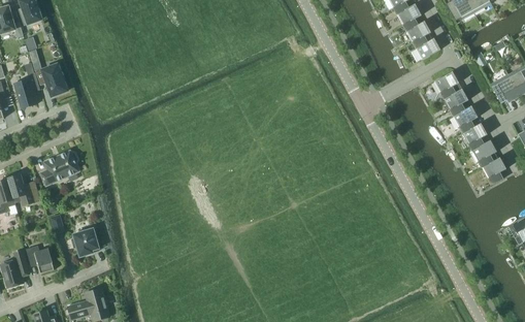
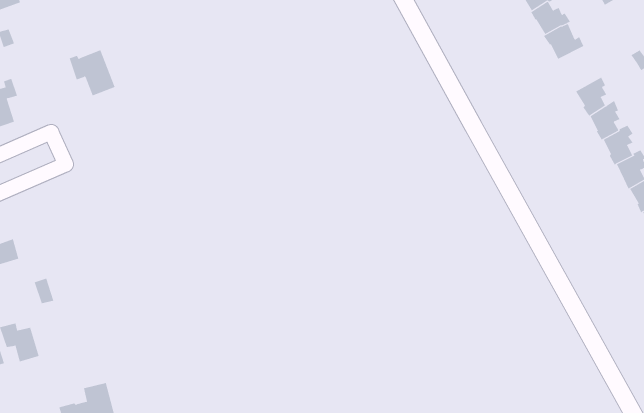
building: [35,62,68,95] -> [69,49,115,96]
building: [40,150,79,184] -> none
building: [72,227,99,255] -> none

